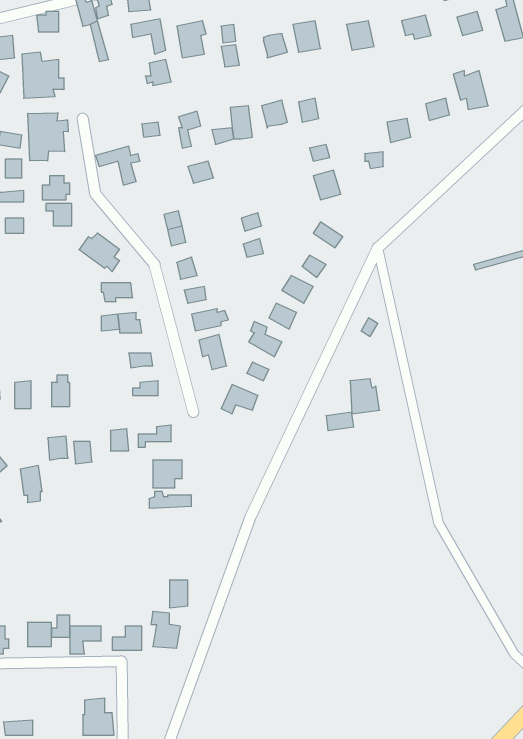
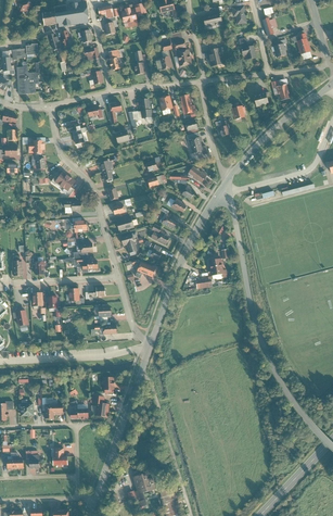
building: [28,113,68,161] -> none

